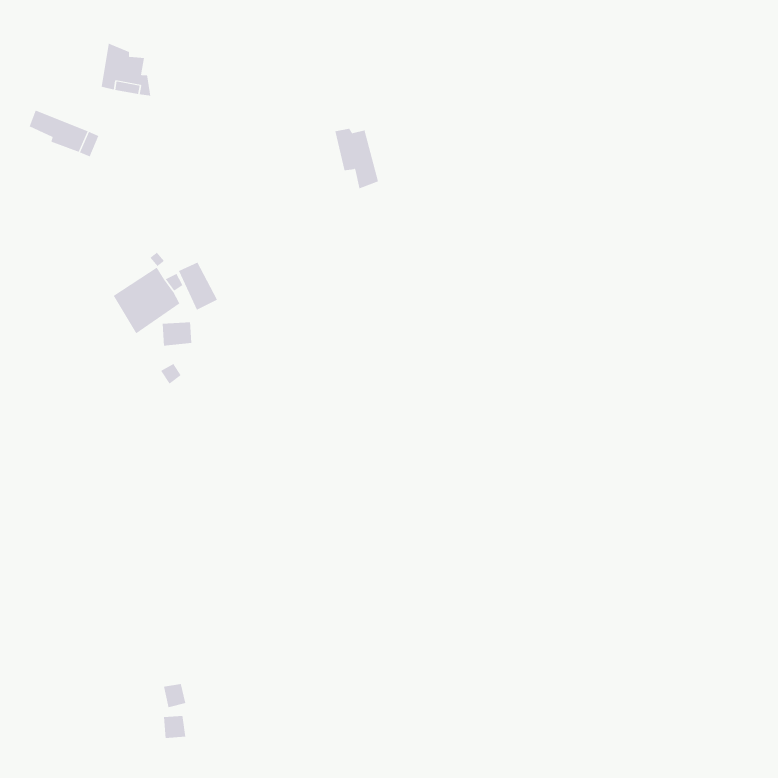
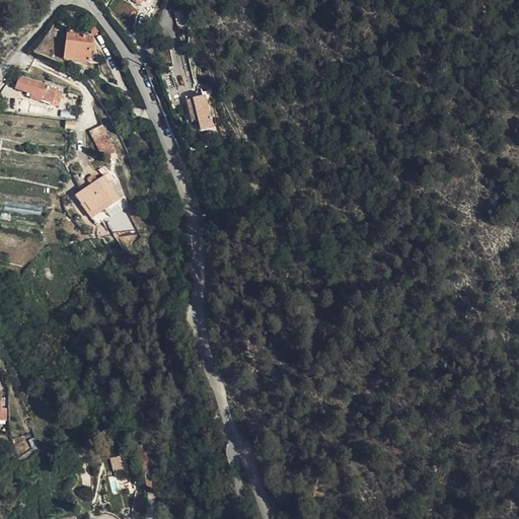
building: [335,128,379,189] -> [181,95,211,136]
building: [178,262,218,311] -> [88,123,115,155]

